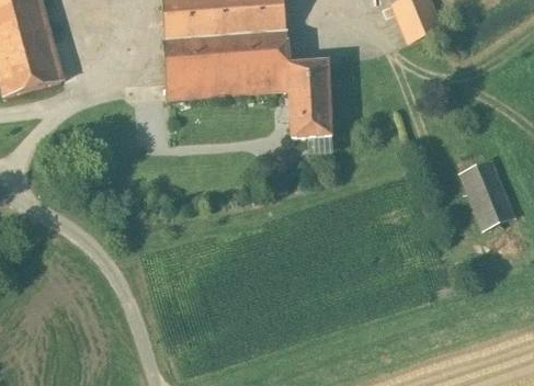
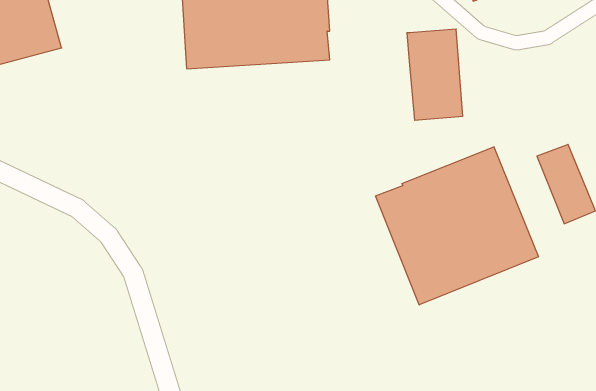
building: [286,63,333,139] -> [407,29,463,120]
building: none -> [375,147,538,305]

